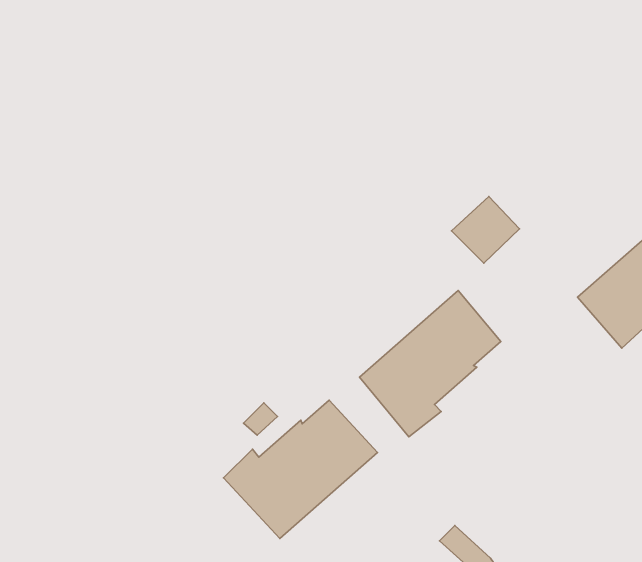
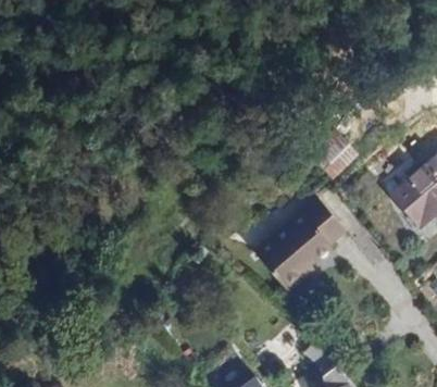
building: [223,400,377,538] -> none

